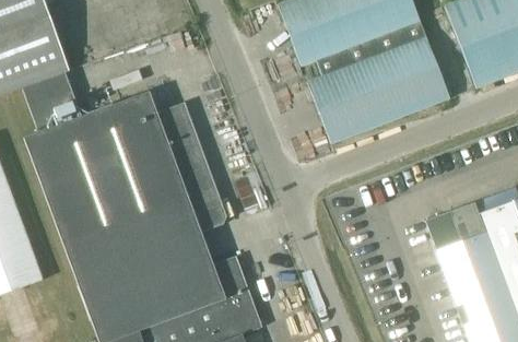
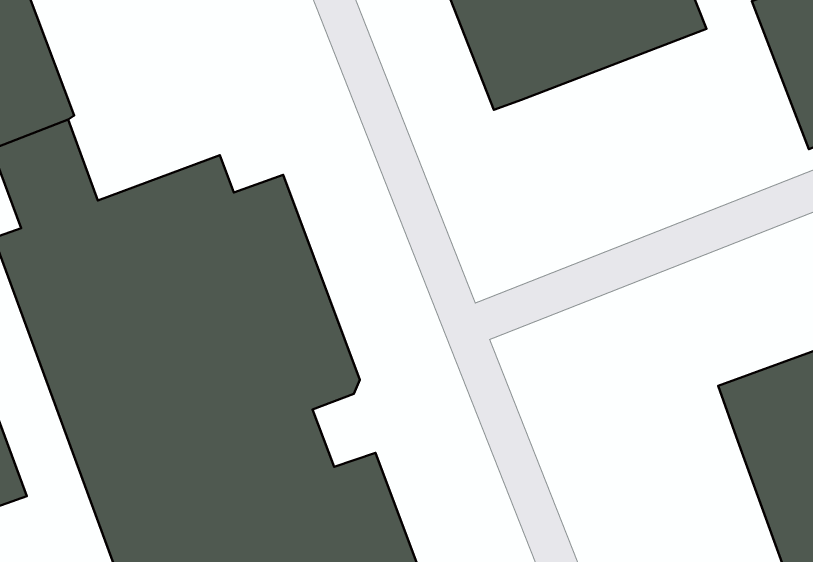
building: [306,21,449,143] -> none

